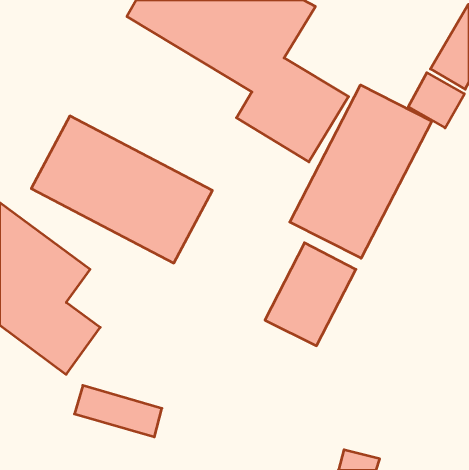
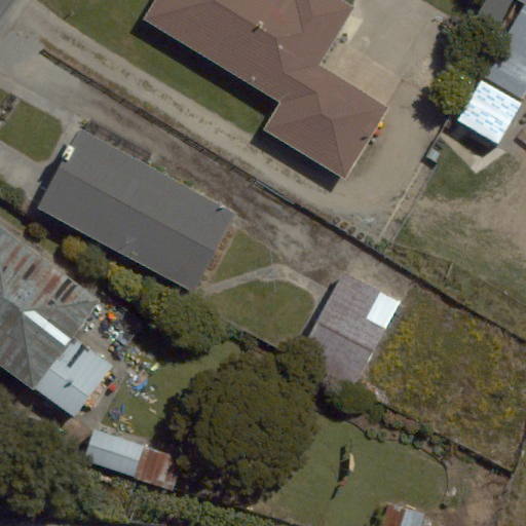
building: [290,85,432,258] -> none

